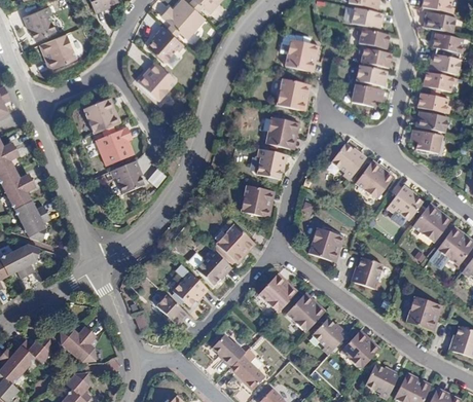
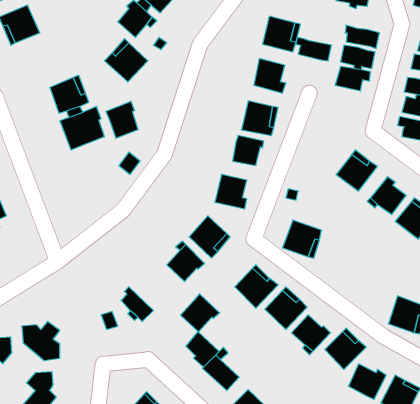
building: [359,31,392,52] -> [296,37,332,61]
building: [327,147,363,181] -> none
building: [115,157,145,191] -> [106,101,138,138]
building: [347,260,378,291] -> none
building: [172,272,208,307] -> [181,294,220,332]

